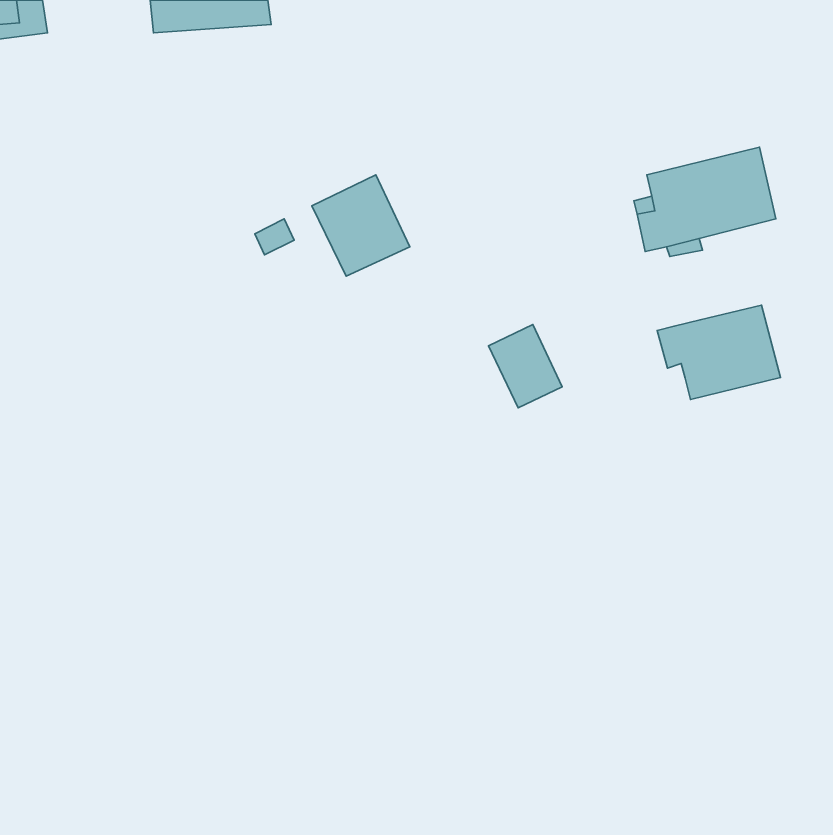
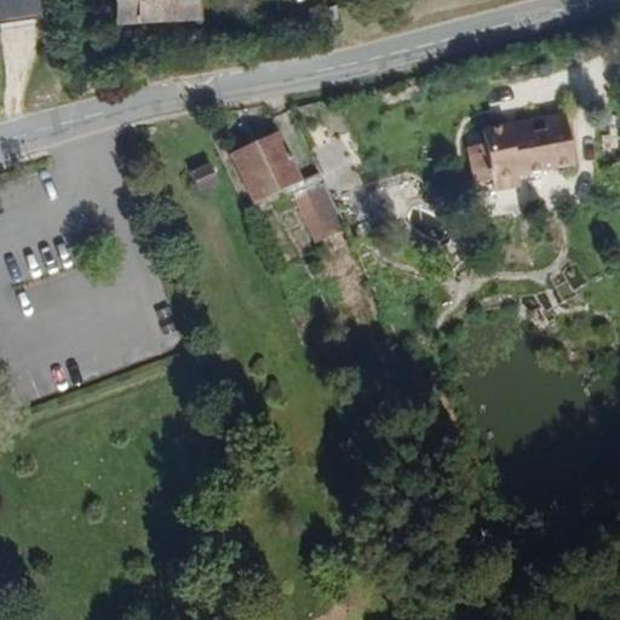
building: [657,305,780,400] -> none
building: [489,325,562,408] -> [291,184,345,246]

